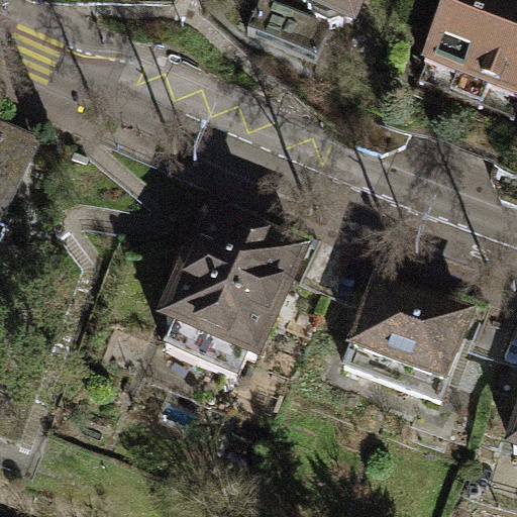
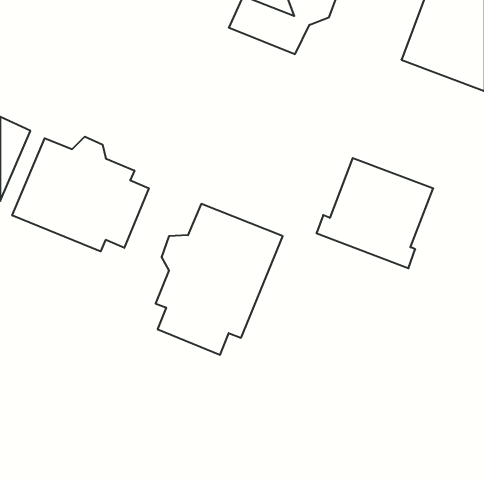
building: none -> [12,137,149,251]
building: [341,284,466,401] -> [316,158,433,268]

